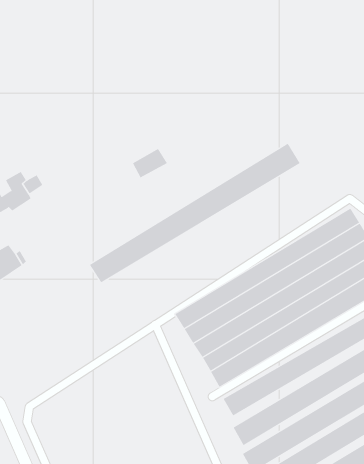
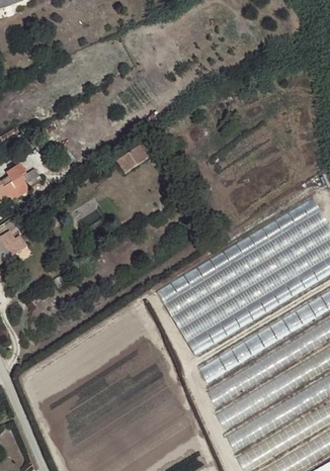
building: [89,143,301,283] -> none

